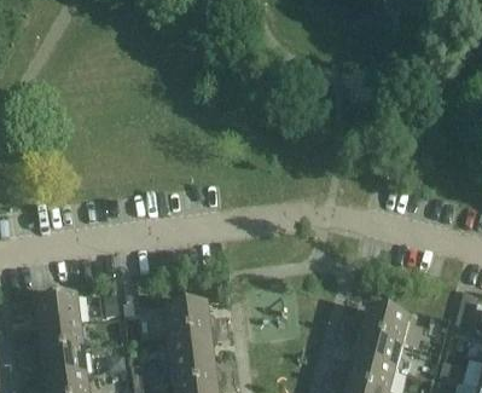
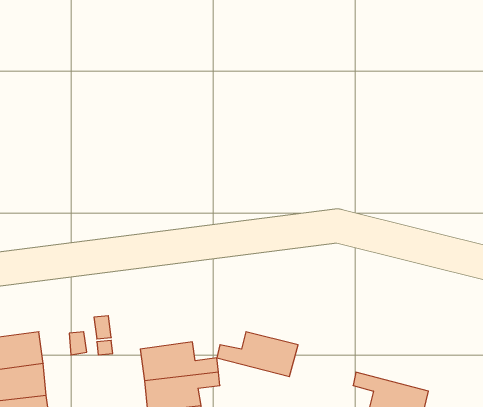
building: [342,306,410,343] -> [217,332,298,377]

